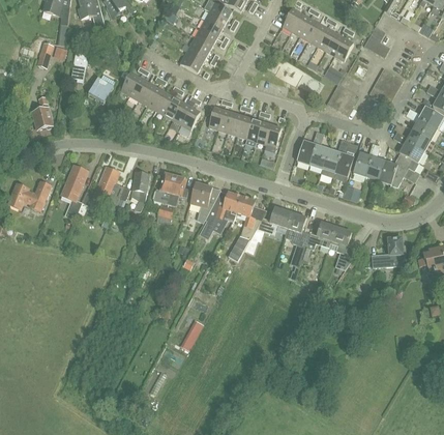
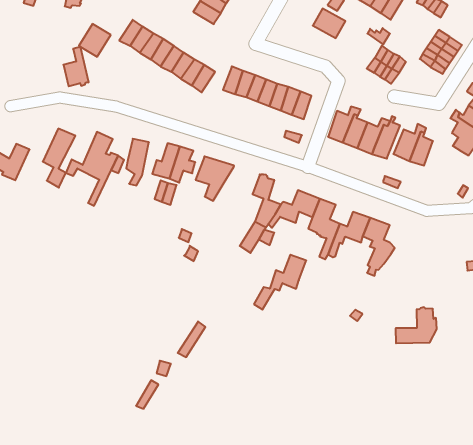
building: [32,95,54,128] -> [63,47,89,86]
building: [378,152,413,186] -> none
building: [201,191,242,237] -> [254,255,306,310]
building: [372,235,406,266] -> [396,307,437,343]

